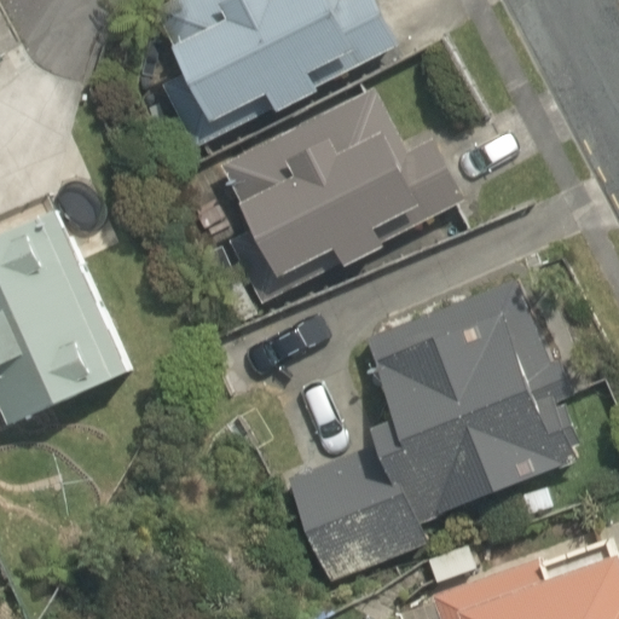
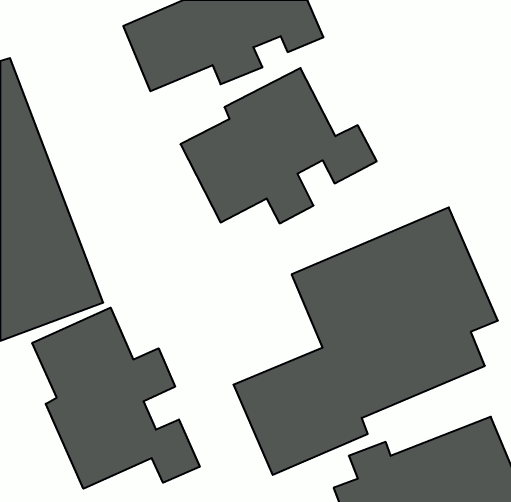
building: none -> [32,308,200,489]

